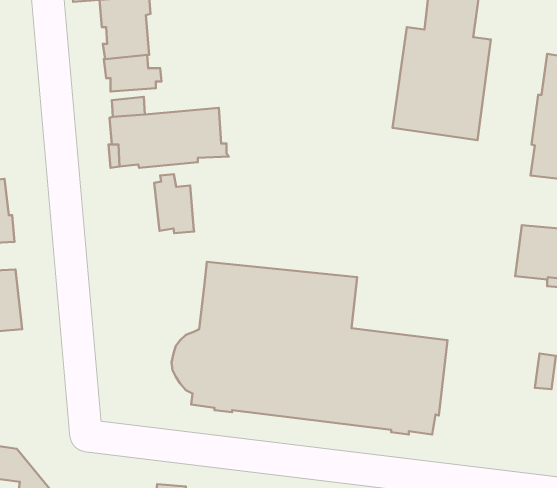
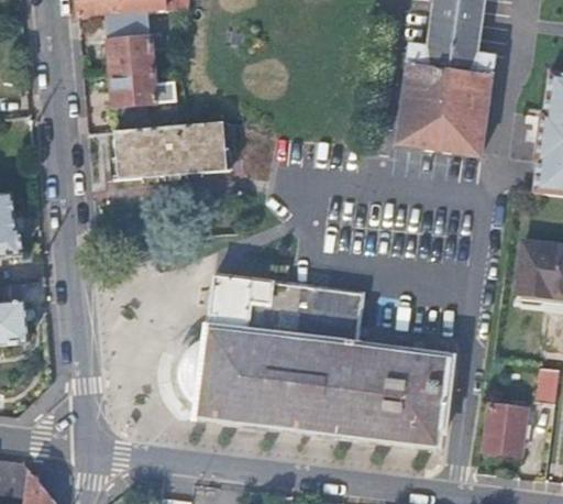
building: [154,174,194,233] -> none
building: none -> [482,397,526,454]

